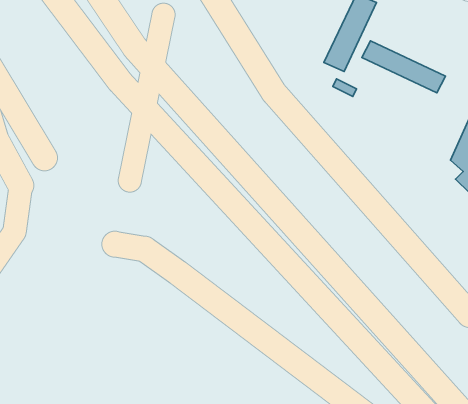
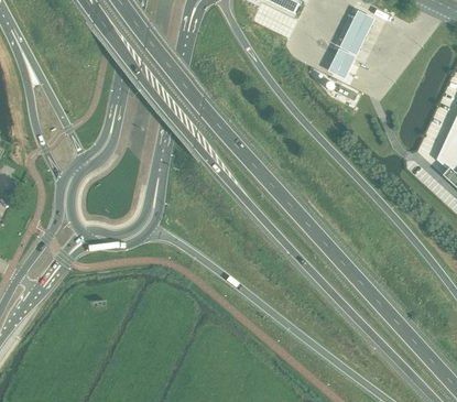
building: [362,41,445,93] -> none

